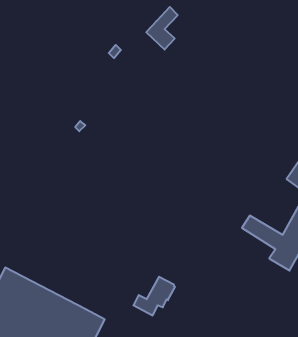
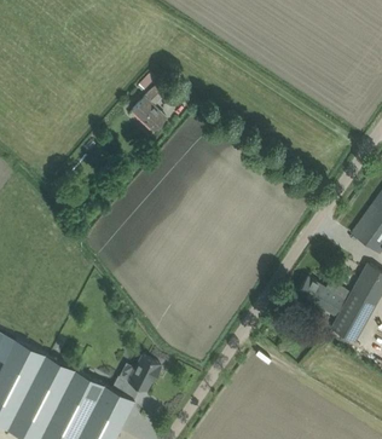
building: [146,7,178,50] -> [132,80,169,131]
building: [133,277,175,315] -> [111,354,161,400]

